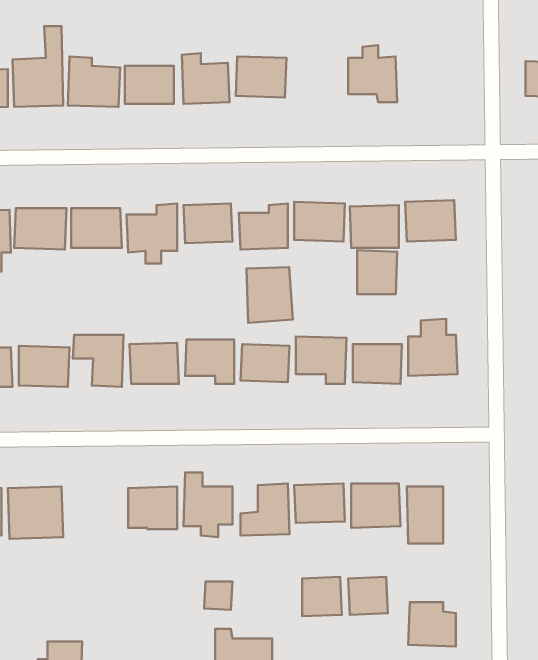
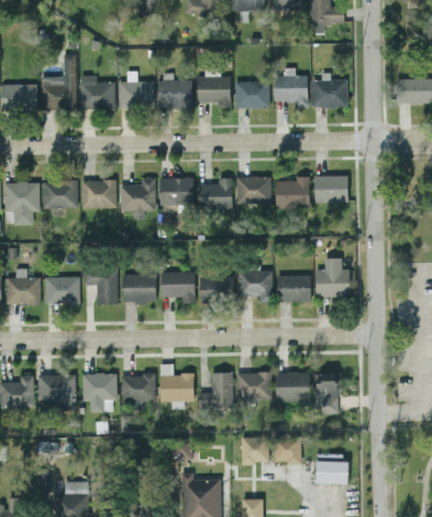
building: none -> [311,73,347,108]
building: none -> [235,81,269,109]
building: [357,250,397,294] -> none
building: [246,267,293,323] -> none
building: none -> [82,373,117,411]

